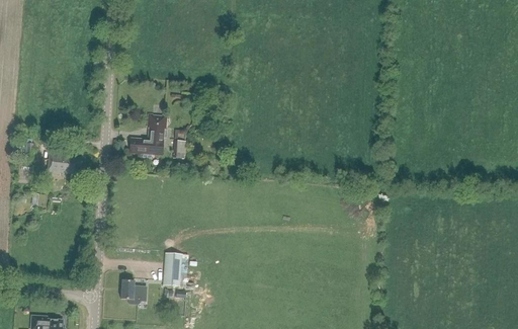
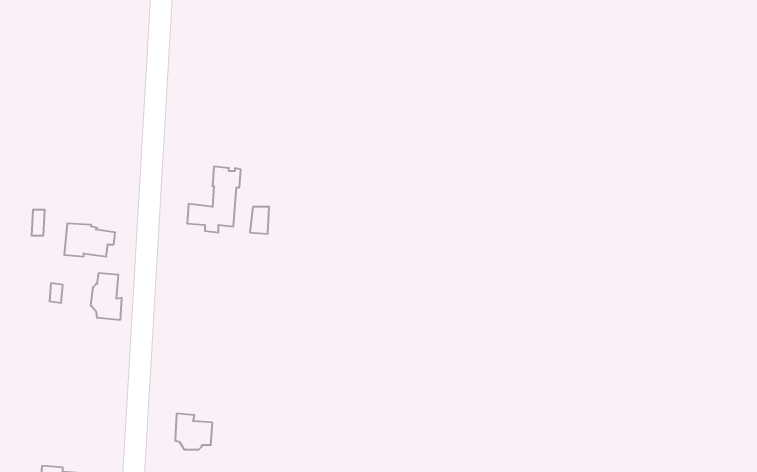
building: none -> [91,273,122,320]
building: [163,253,181,286] -> none

